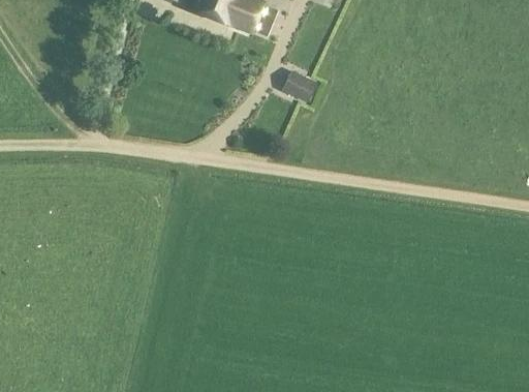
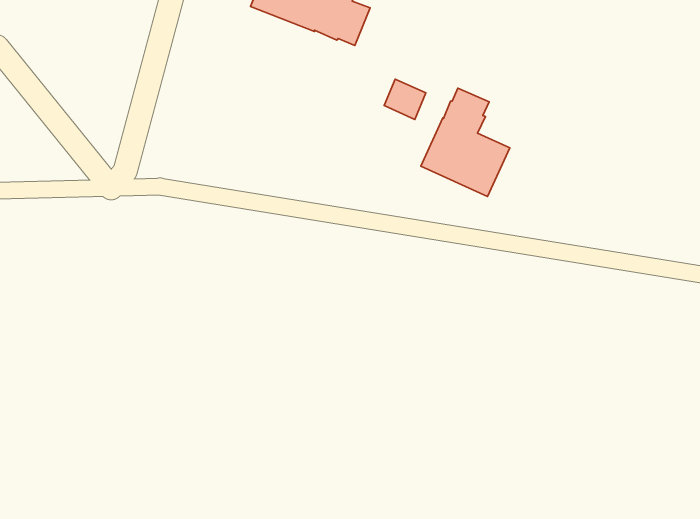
building: none -> [421,88,510,196]

